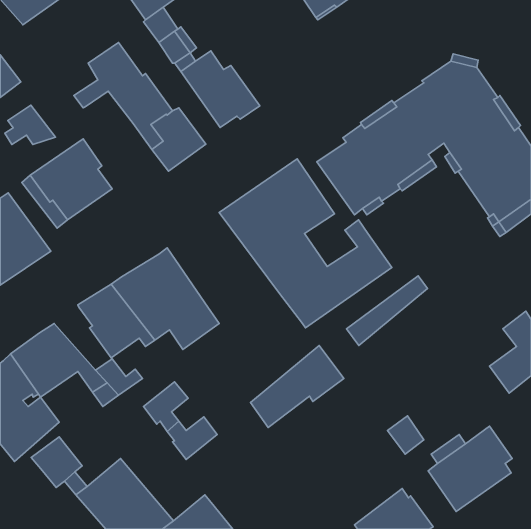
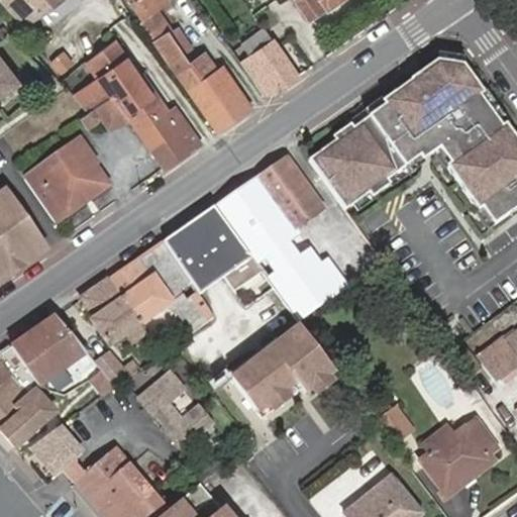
building: none -> [238,25,296,96]
building: [5,105,56,144] -> [80,89,129,127]
building: none -> [163,207,272,305]
building: [346,276,428,345] -> [231,324,310,392]

